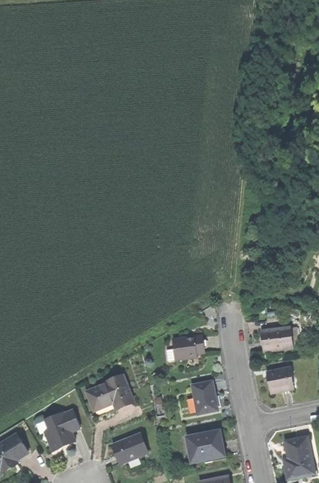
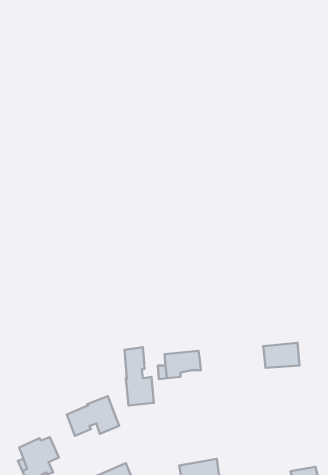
building: none -> [125,347,154,405]
building: [265,367,291,392] -> none
building: [191,380,218,412] -> none

